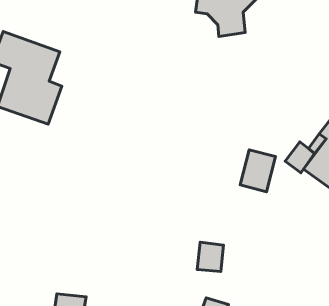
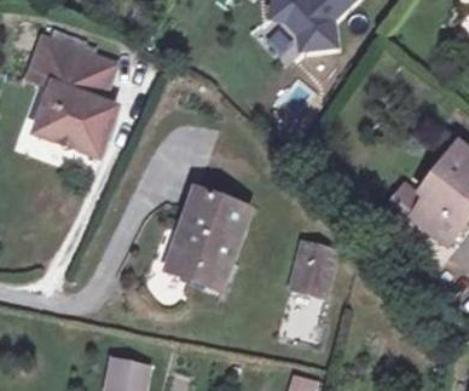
building: none -> [166,188,248,288]
building: [240,150,275,192] -> [290,241,334,293]

